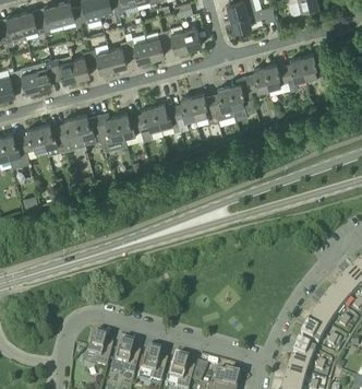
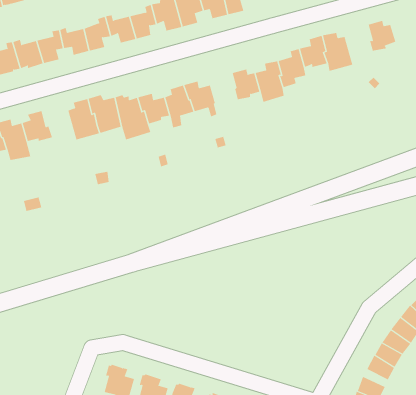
building: [282,57,304,92] -> none
building: [173,96,195,130] -> none
building: [37,123,64,155] -> none

